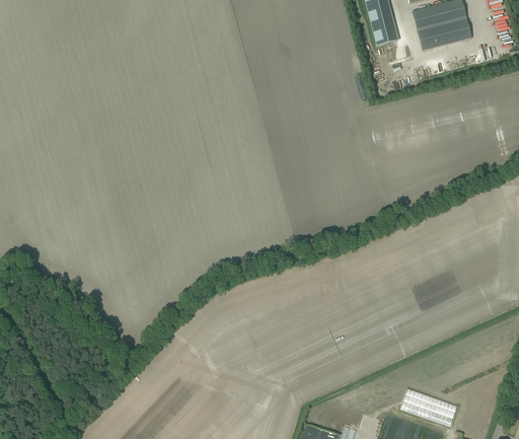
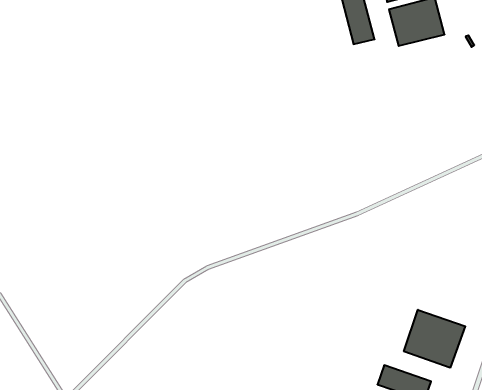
building: none -> [404,310,465,368]

